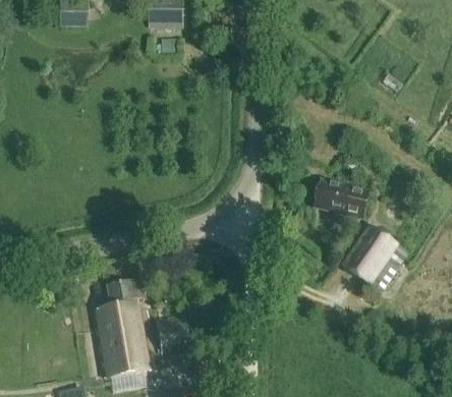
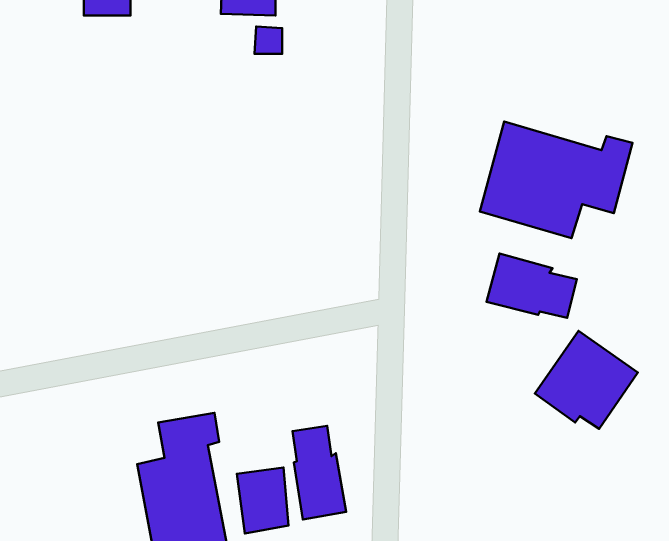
building: none -> [480,121,632,238]
building: none -> [292,426,346,519]

